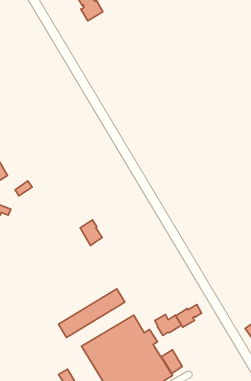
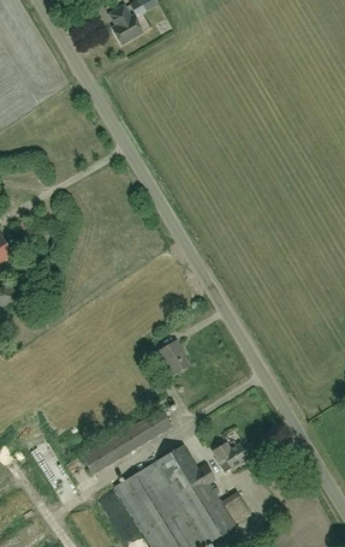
building: [80,220,102,245] -> [159,340,189,375]
building: [176,305,201,327] -> none

